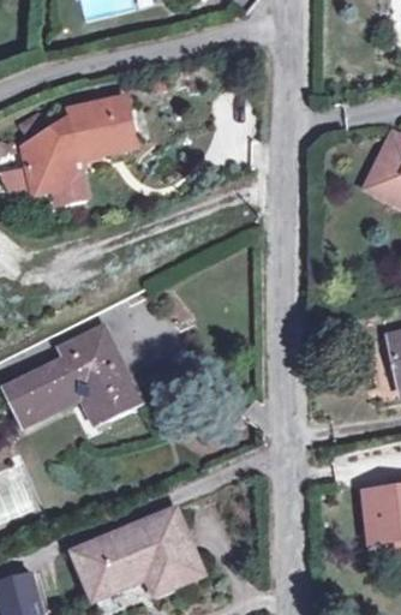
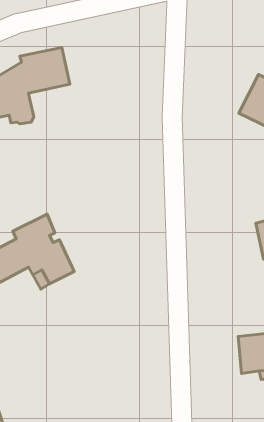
building: [73,509,199,597] -> none

